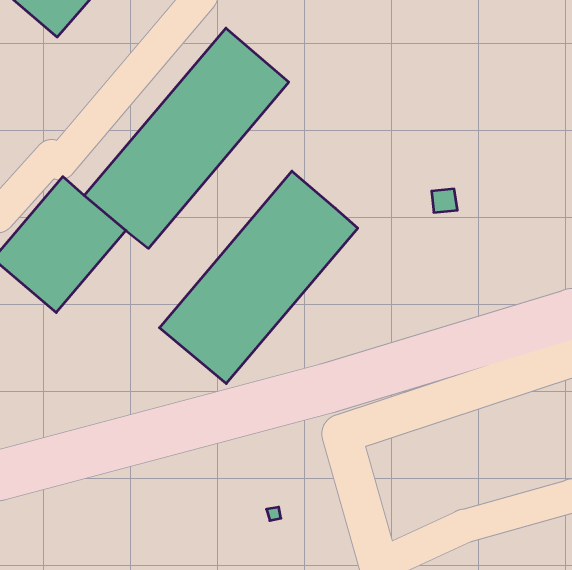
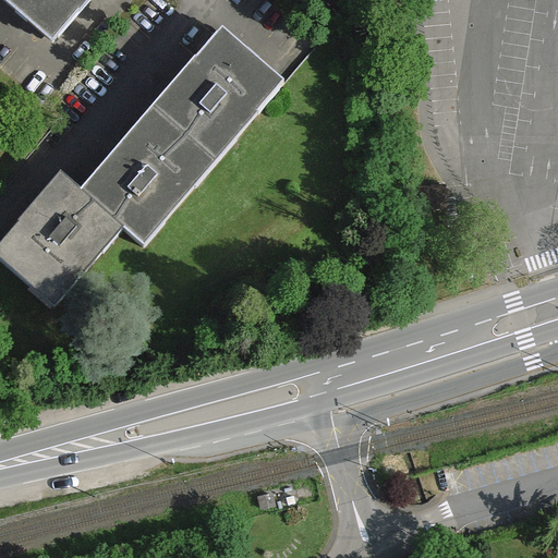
building: [159,171,358,384] -> none

